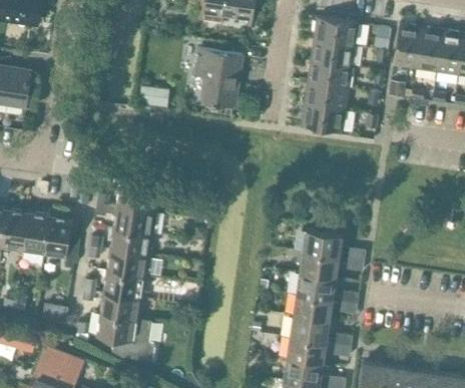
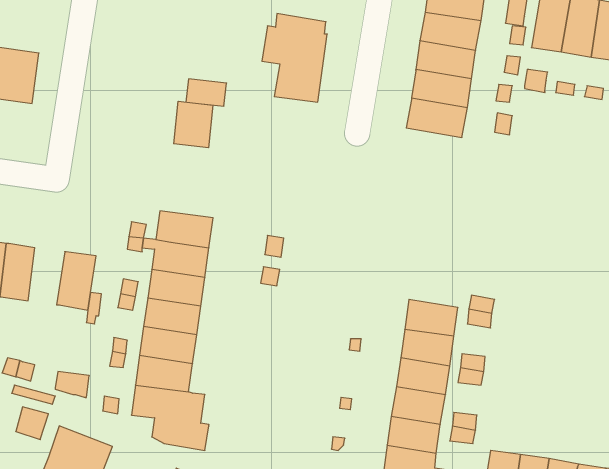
building: none -> [174,101,213,148]
building: [22,214,49,256] -> none
building: [303,231,343,258] -> none

